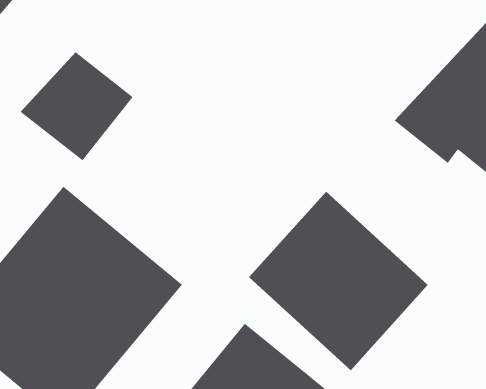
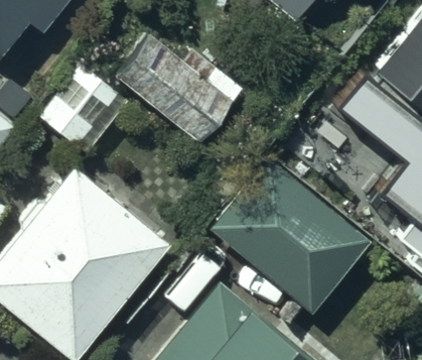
building: none -> [116,21,230,128]

